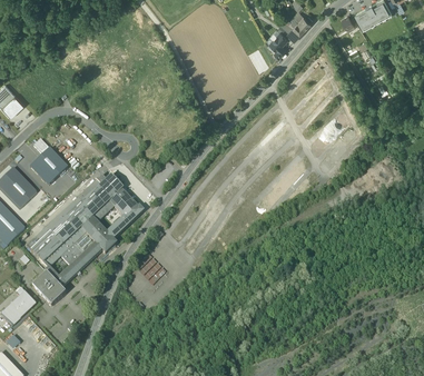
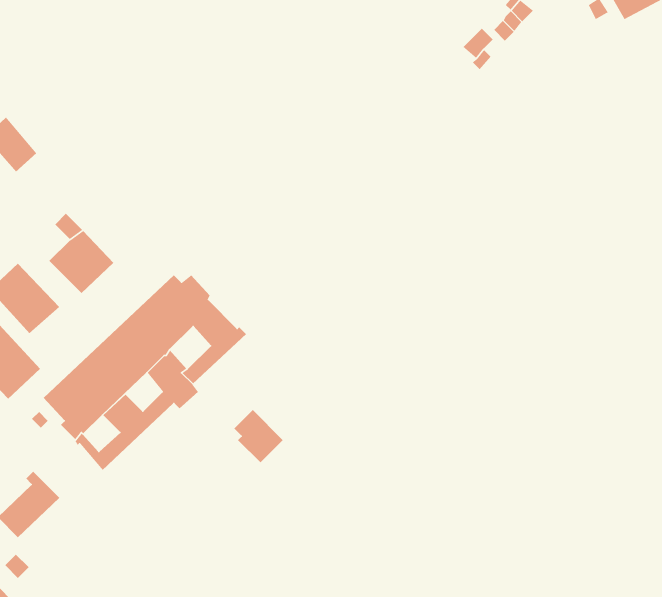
building: [33,273,66,306] -> none

